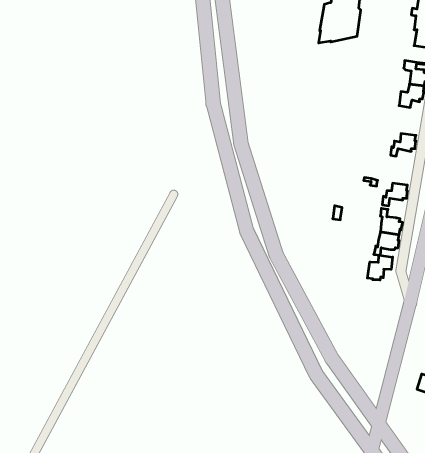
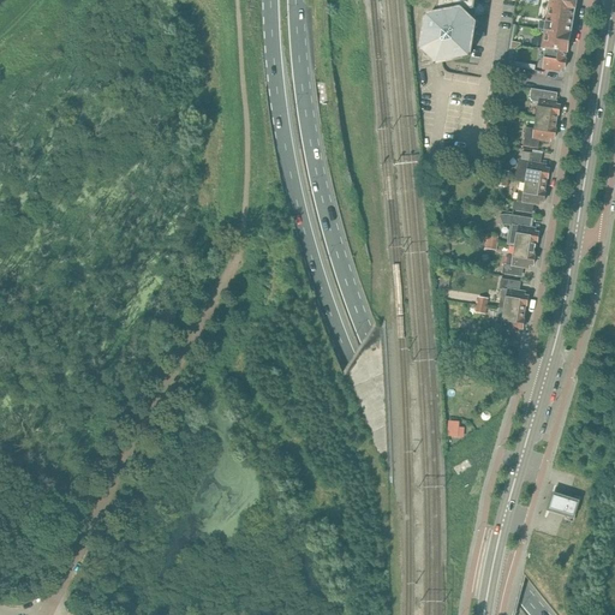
building: none -> [515,149,549,183]
building: none -> [500,213,538,246]
building: [367,255,393,280] -> none

